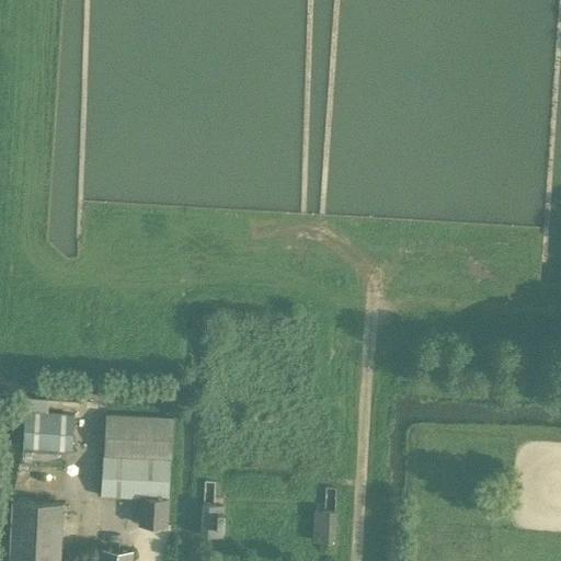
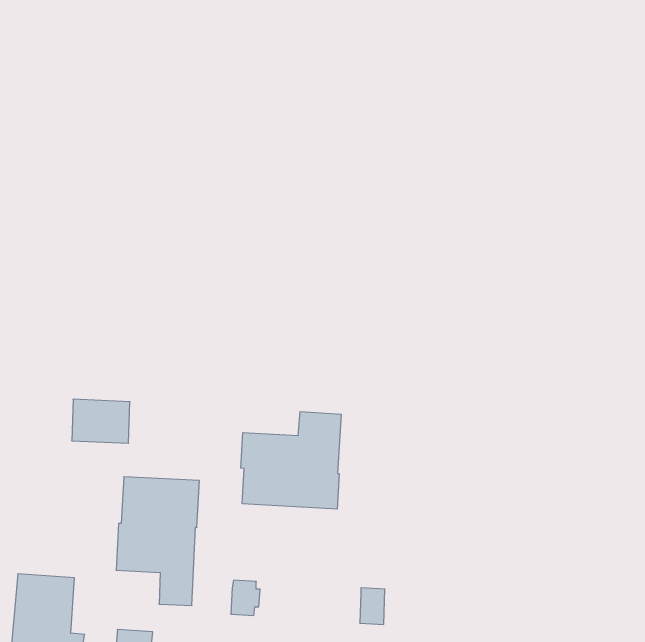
building: none -> [241,412,341,509]
building: [24,414,75,453] -> [72,399,130,443]

